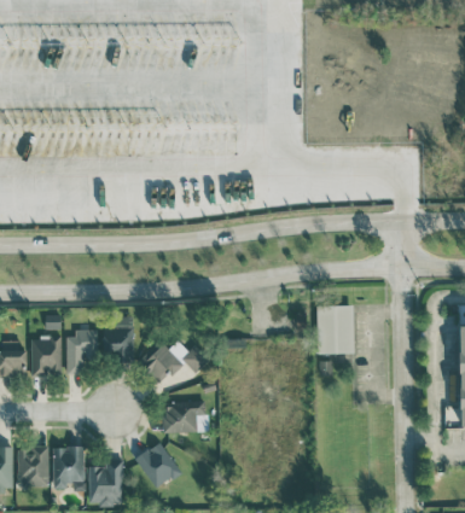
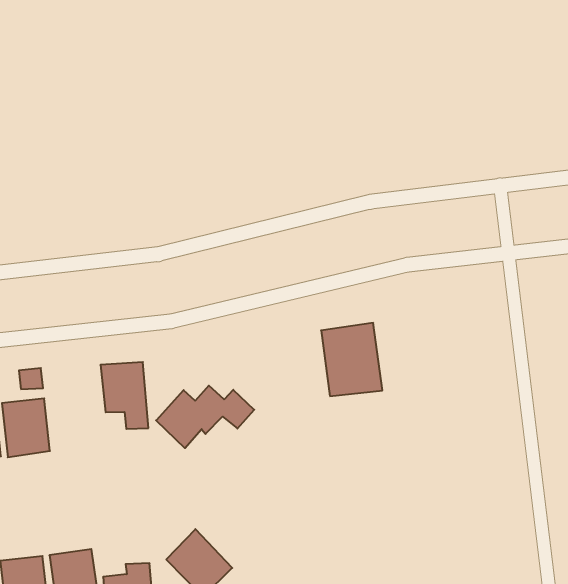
building: [316,305,355,354] -> [321,323,382,396]
building: [66,330,97,374] -> none
building: [164,402,205,432] -> none

